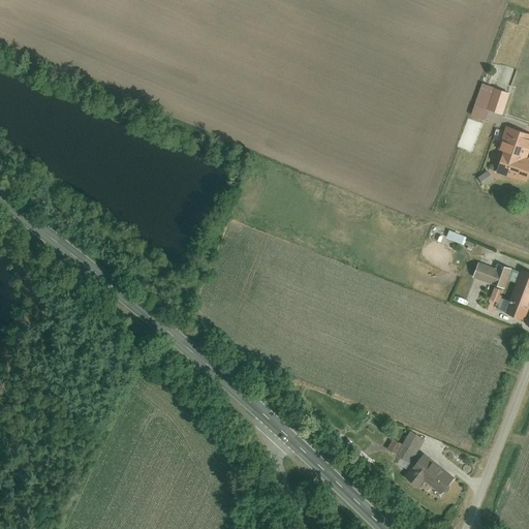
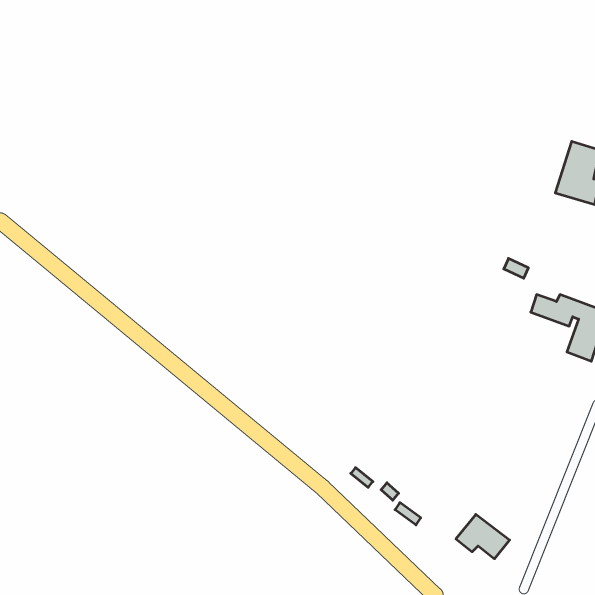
building: [471,84,511,119] -> none
building: [386,431,425,463] -> none

